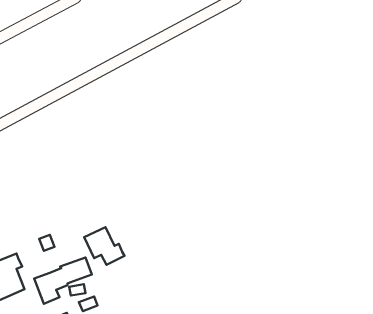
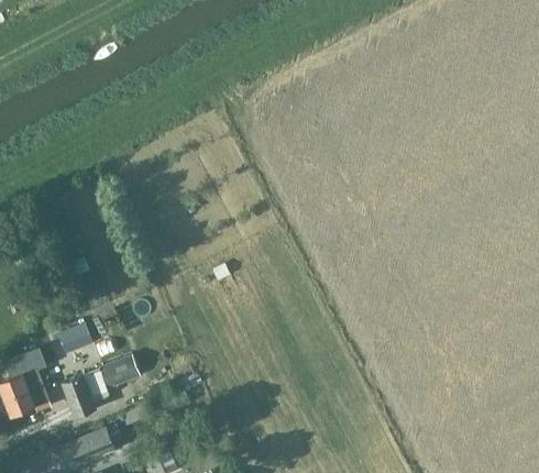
building: [84,227,124,265] -> none

